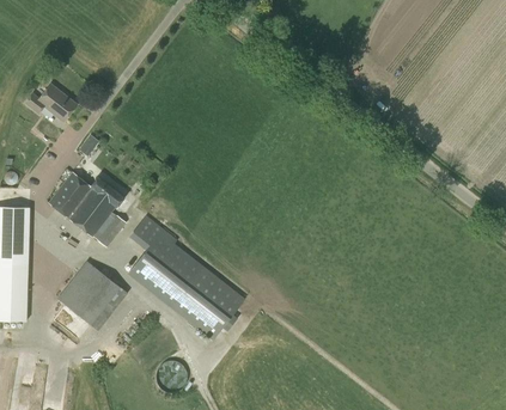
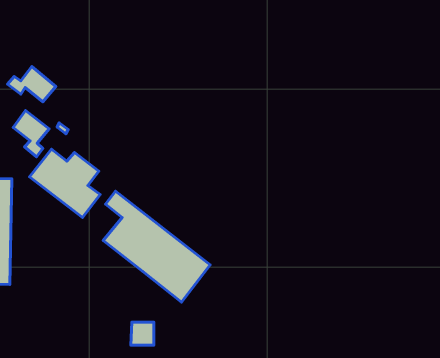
building: none -> [13,110,49,157]
building: [57,261,128,330] -> none

